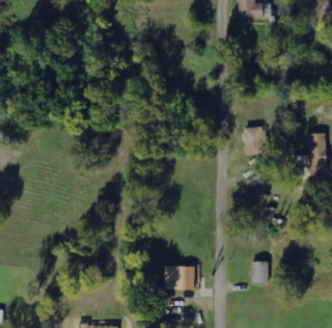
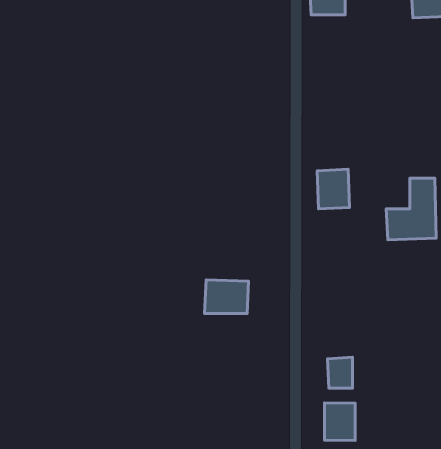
building: [164,265,195,289] -> [205,280,249,313]
building: none -> [325,403,355,440]

